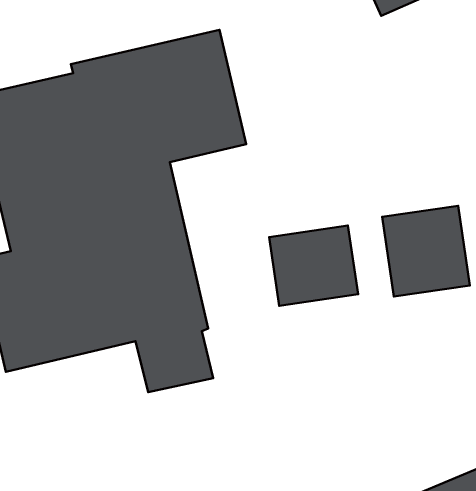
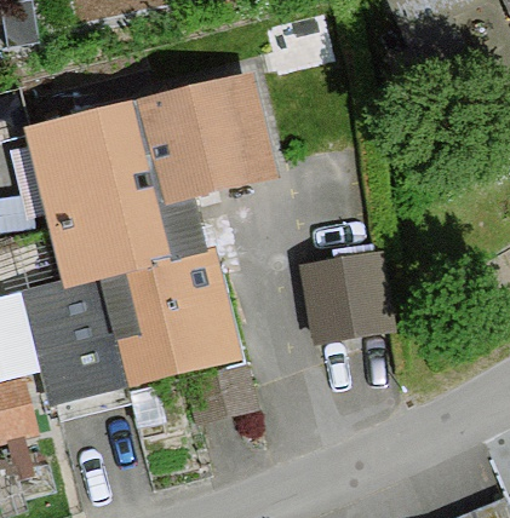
building: [382,206,470,296] -> none

